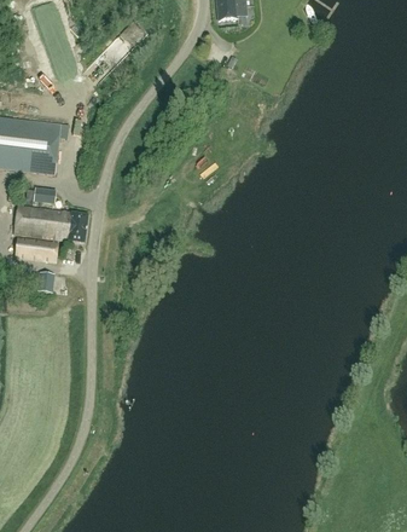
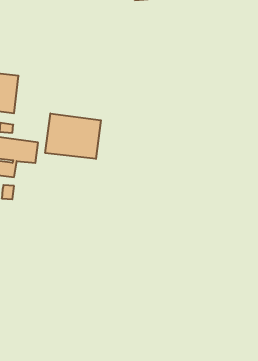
building: none -> [45,113,101,159]

